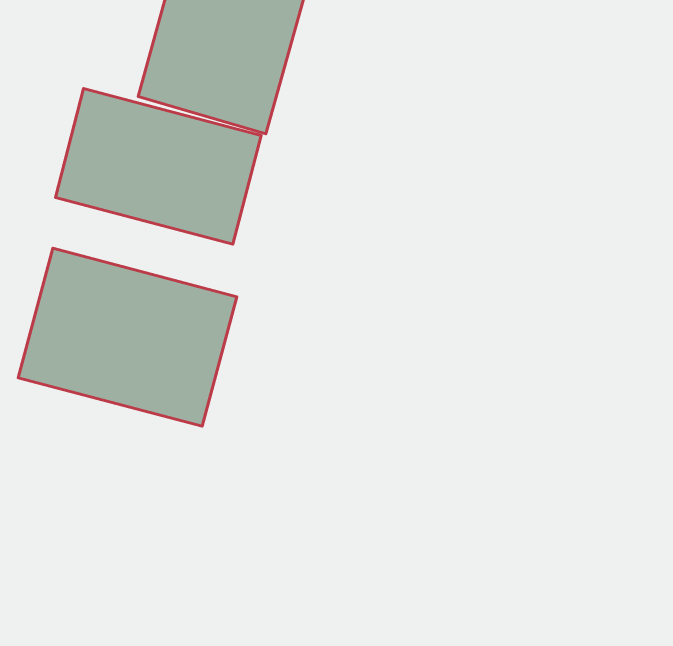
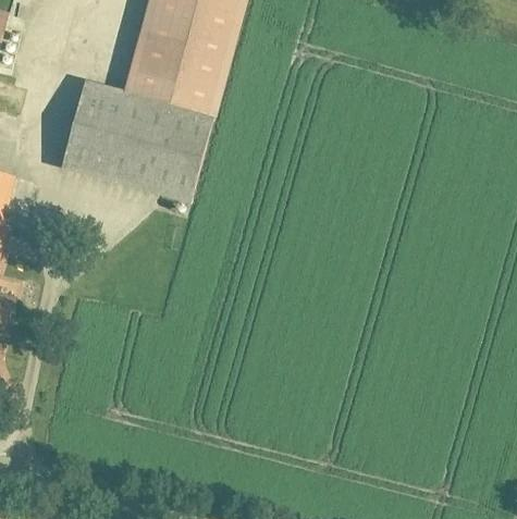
building: [18,248,237,426] -> none

